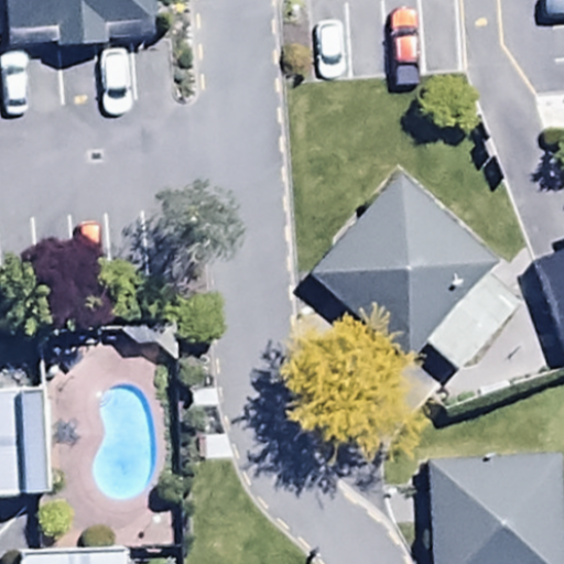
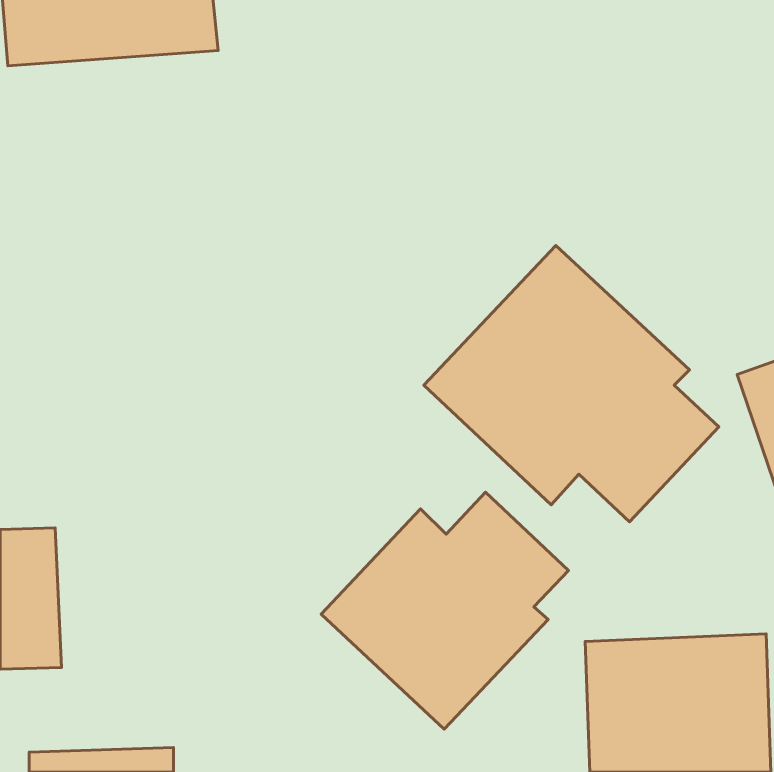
building: none -> [321,492,568,729]

